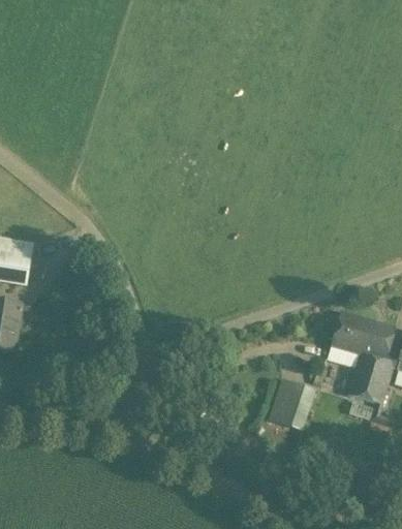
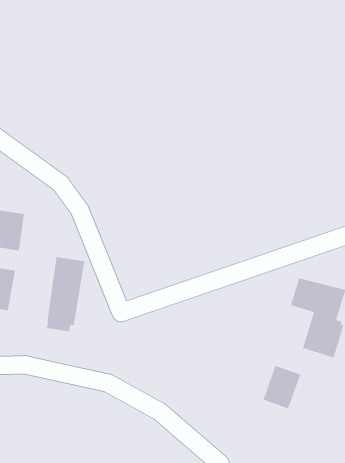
building: none -> [46,256,85,332]
building: [270,379,313,429] -> [263,365,301,409]

